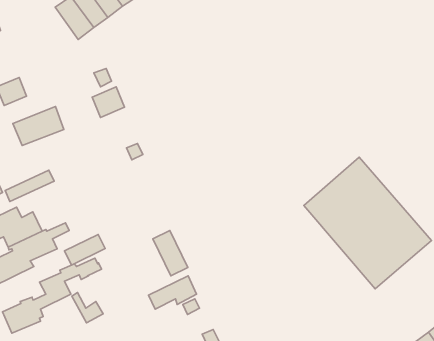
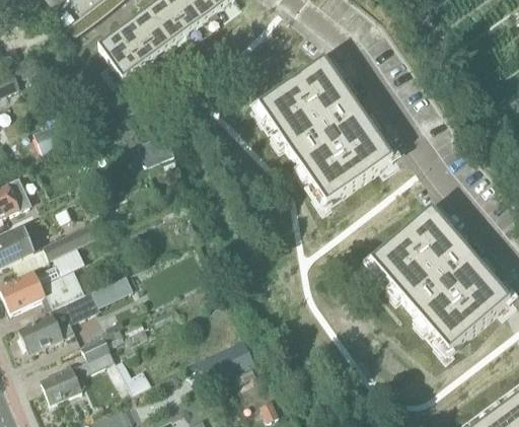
building: none -> [257,61,392,206]
building: [13,106,64,146] -> none
building: [153,231,188,276] -> none
building: [65,234,105,265] -> none

